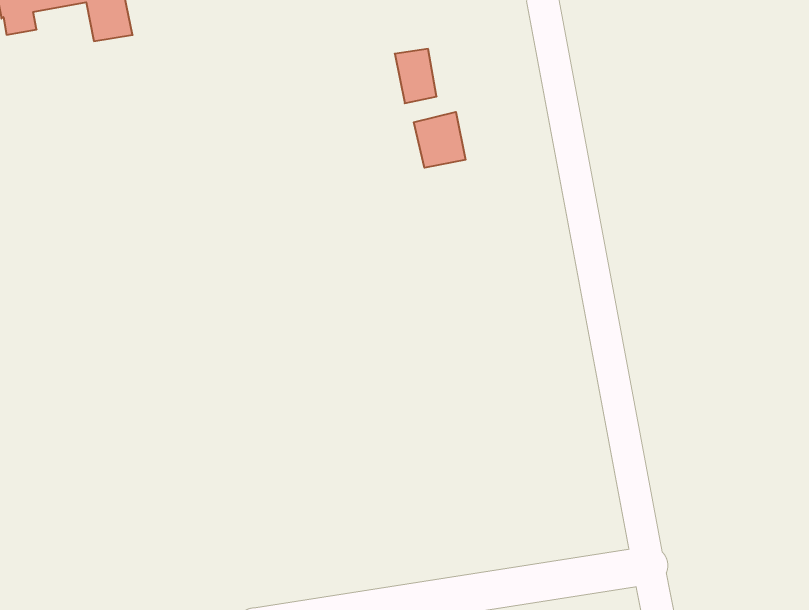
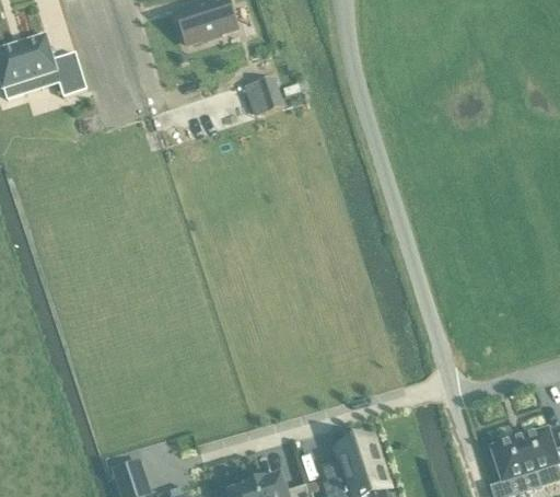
building: [414,112,466,168] -> none

